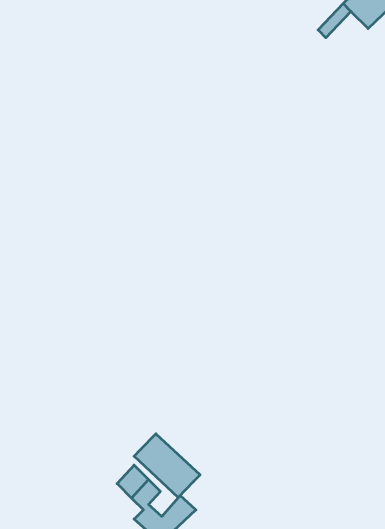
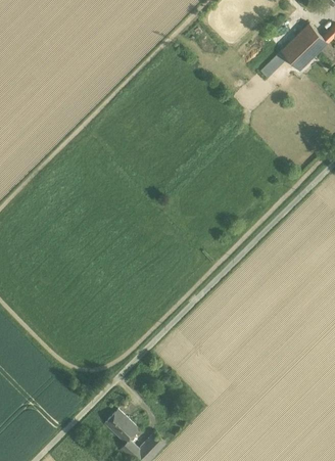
building: [134,434,200,497] -> none

